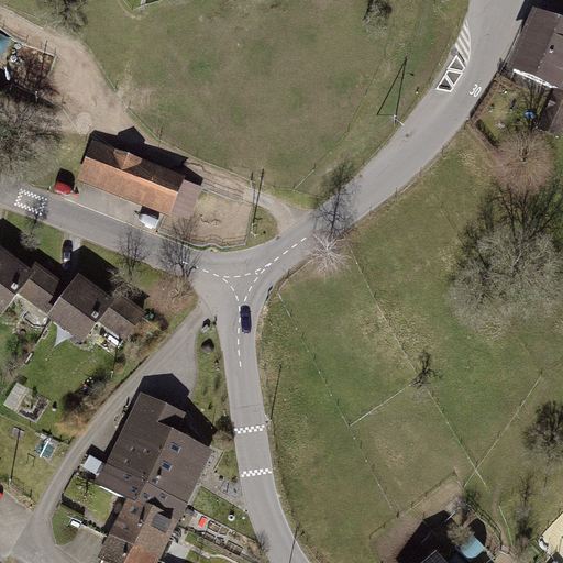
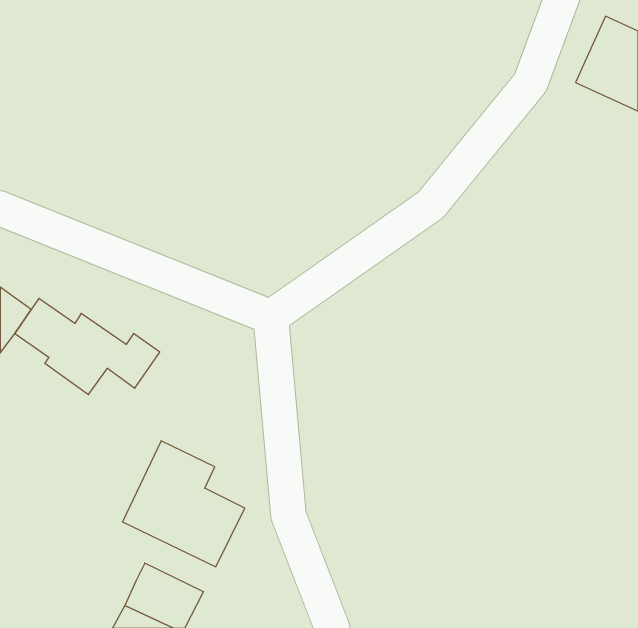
building: [78,139,185,213] -> none
building: [97,460,190,521] -> none

